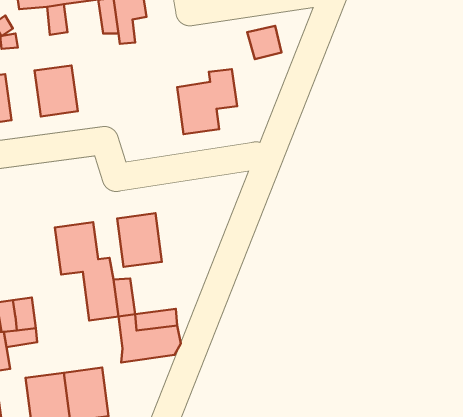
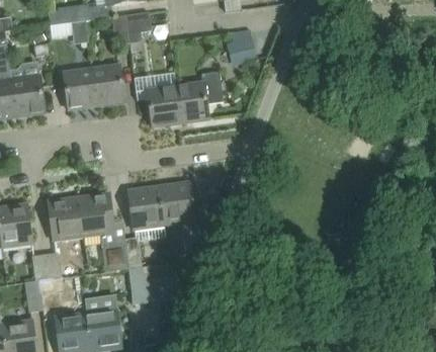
building: none -> [91,64,124,104]
building: none -> [133,72,180,125]
building: none -> [158,181,193,224]
building: none -> [48,196,83,239]

